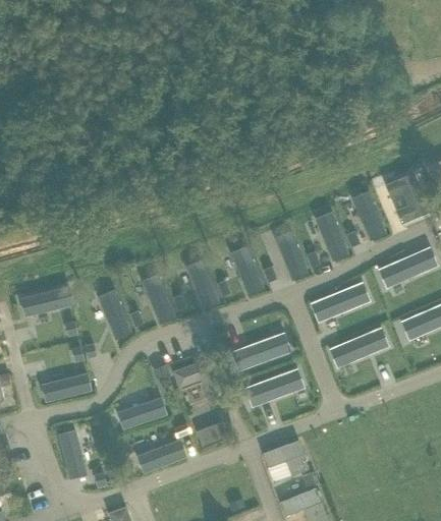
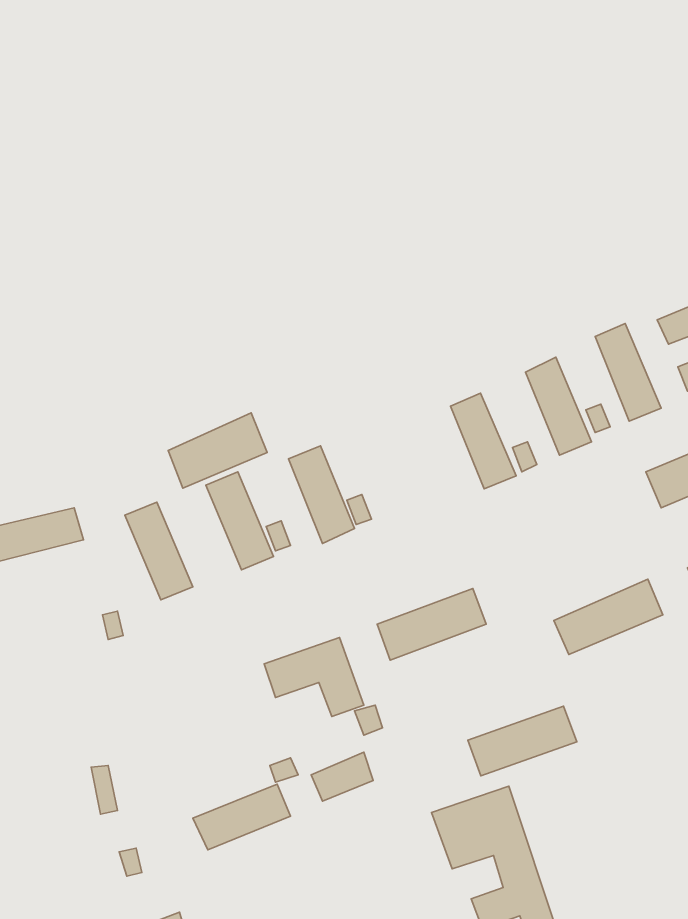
building: none -> [168,413,267,488]
building: [227,240,264,293] -> none
building: [309,283,368,323] -> none
building: [244,368,304,406] -> [468,706,577,776]
building: [40,372,93,402] -> none
building: [115,396,168,429] -> none
building: [56,427,86,480] -> none

